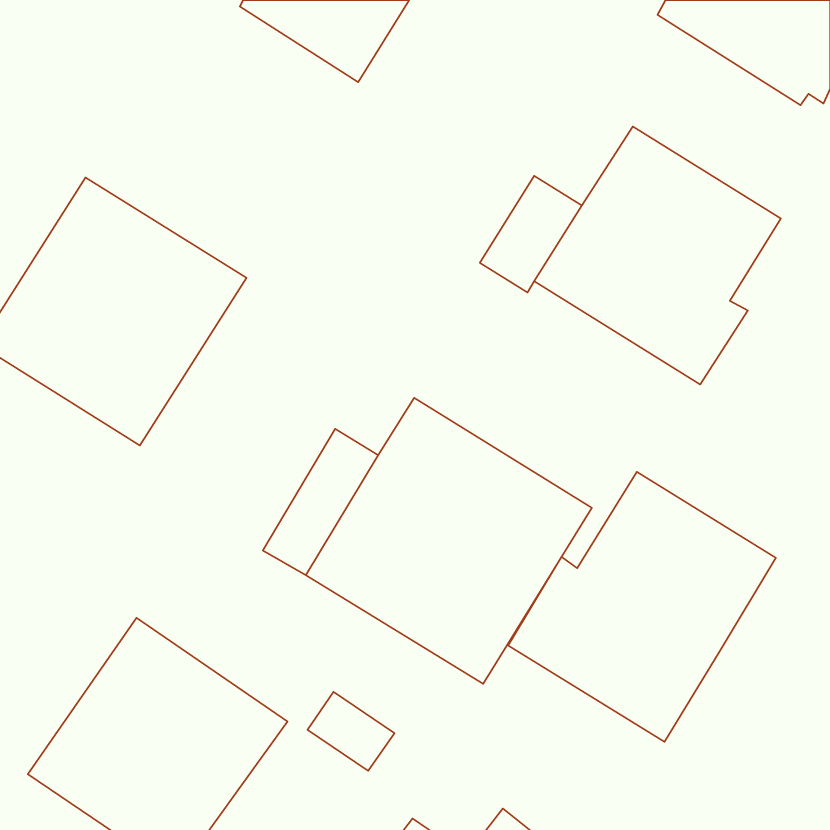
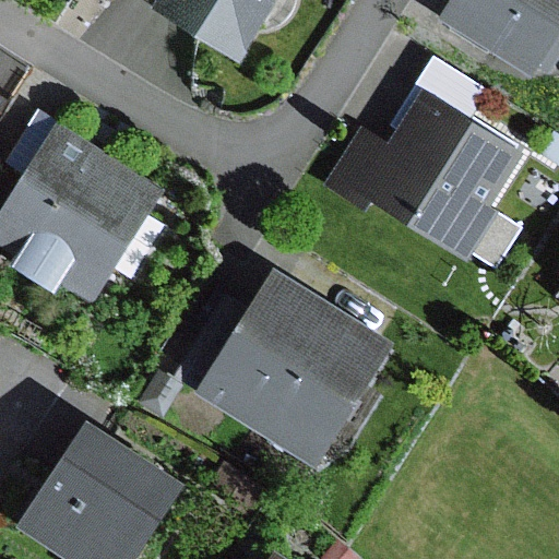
building: [508,472,776,742] -> none

